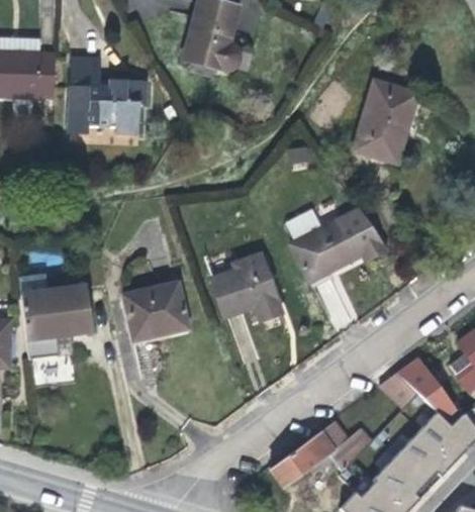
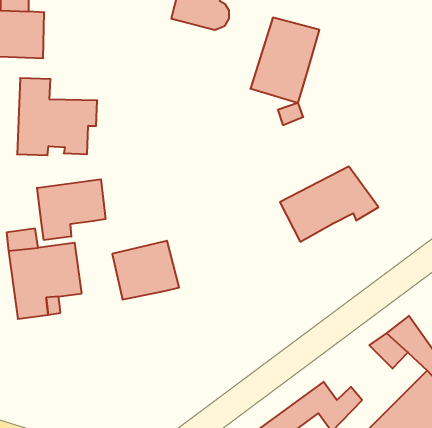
building: [68,59,148,135] -> [17,78,97,155]
building: [352,80,420,165] -> [250,18,319,103]
building: none -> [37,179,106,240]
building: [211,252,283,321] -> none

